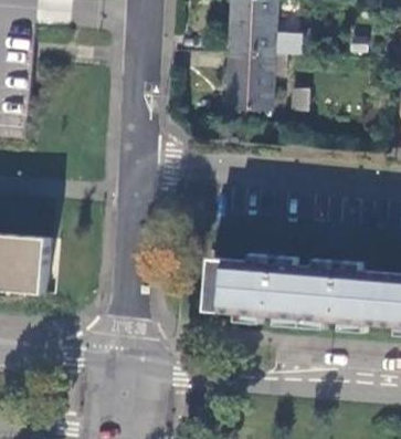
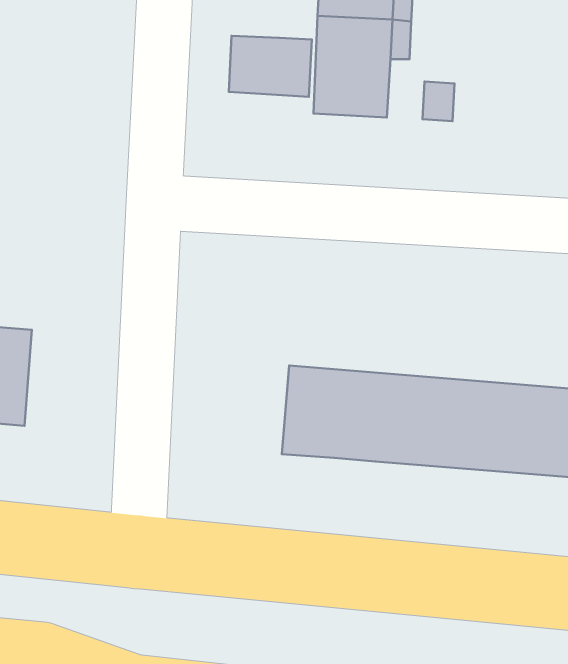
building: none -> [229,36,312,97]

